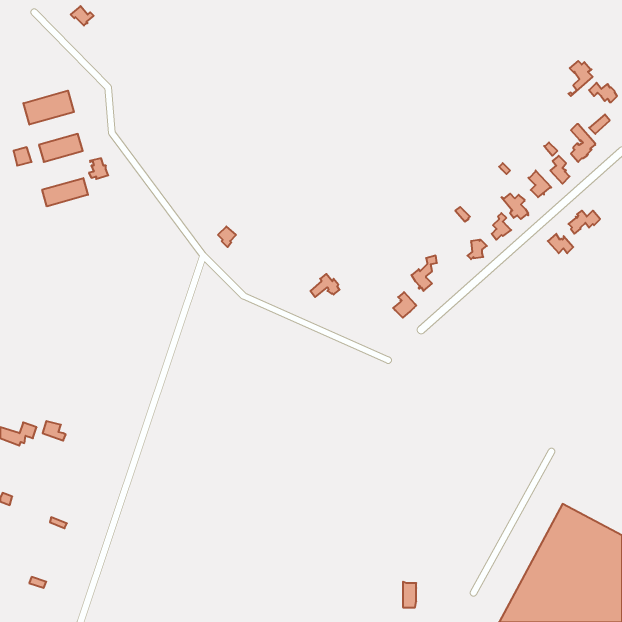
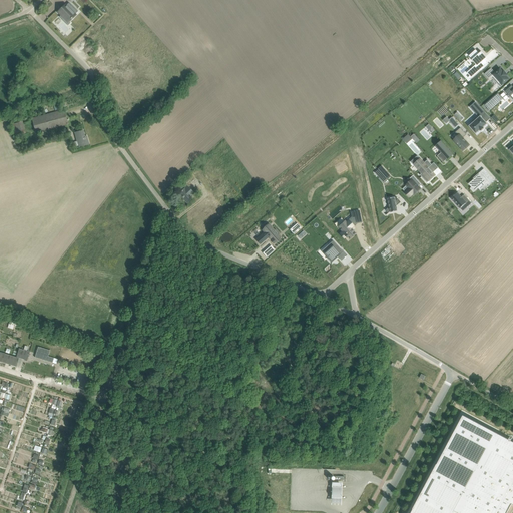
building: [23,91,74,125] -> none
building: [42,178,88,206] -> none

